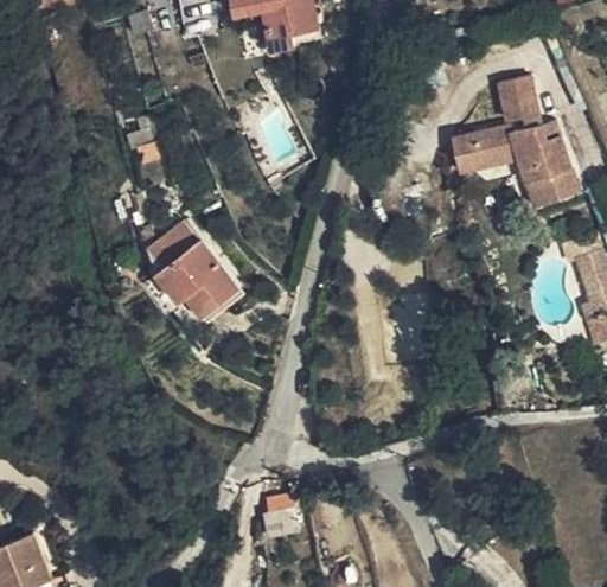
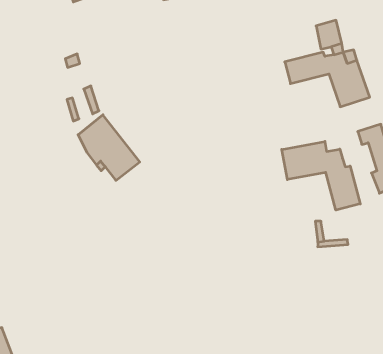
building: none -> [282,141,360,210]
building: [262,495,296,537] -> none

